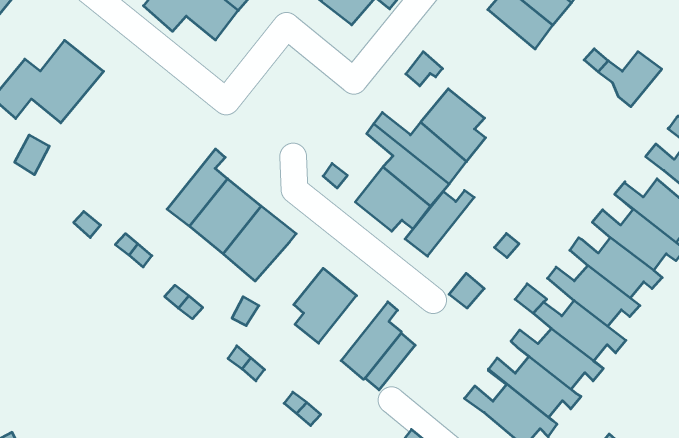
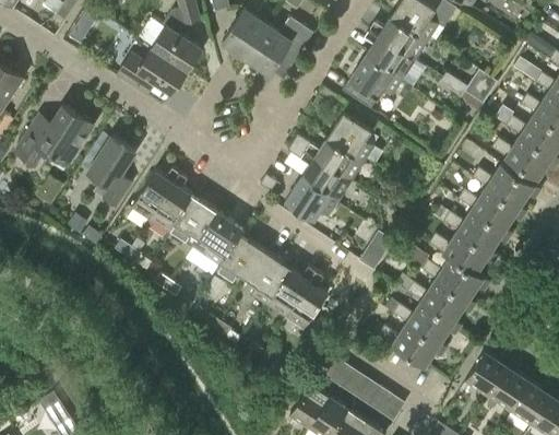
building: none -> [342,52,404,109]
building: none -> [88,137,134,207]
building: none -> [131,168,180,220]
building: [405,190,474,256] -> [269,267,316,317]
building: none -> [215,235,266,283]

